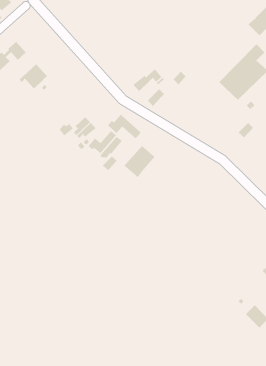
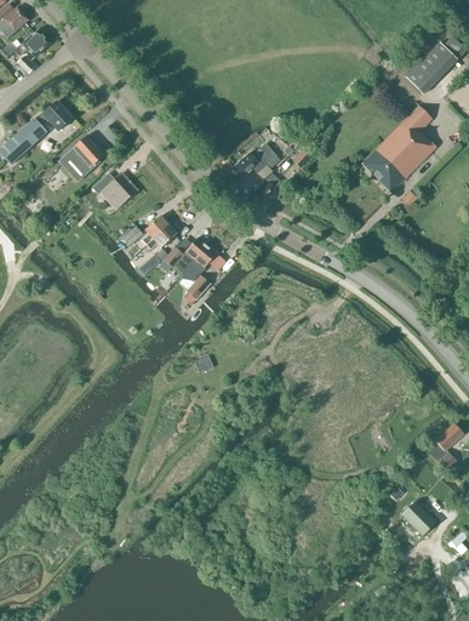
building: none -> [91,173,136,210]
building: [107,114,141,139] -> none
building: [123,145,156,178] -> none

